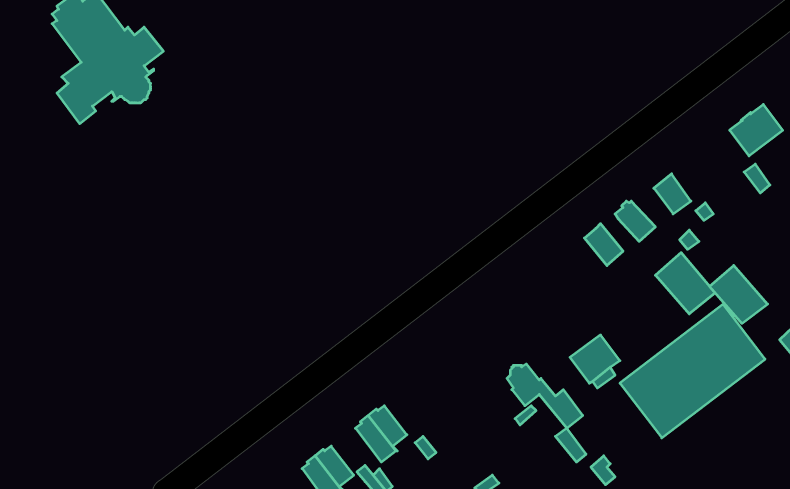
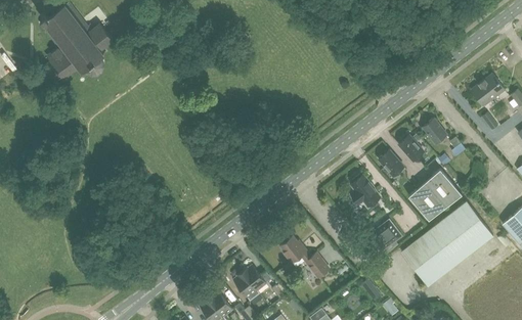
building: none -> [350,175,381,208]
building: [710,265,768,323] -> [408,183,445,220]
building: [507,364,583,428] -> [280,237,329,278]

